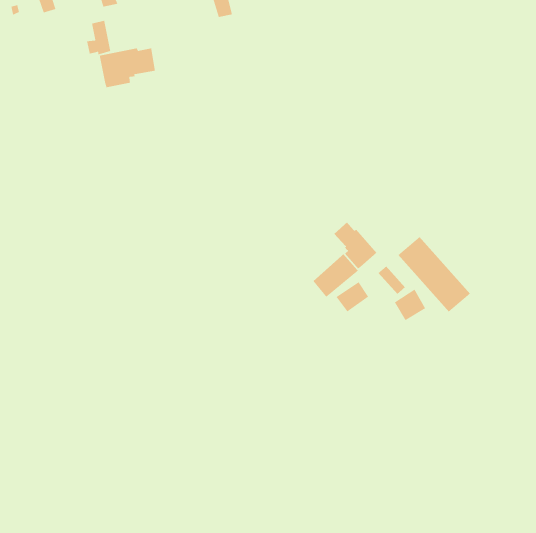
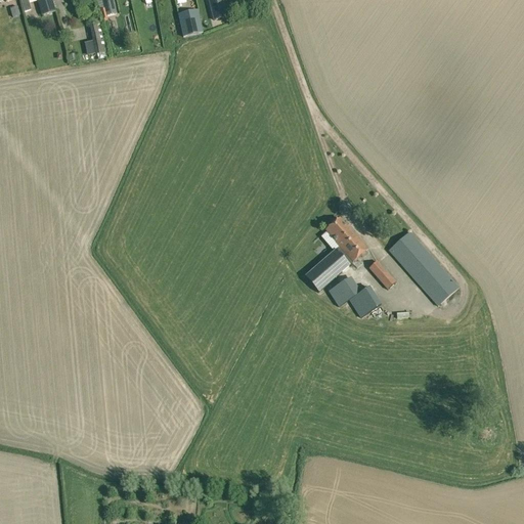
building: none -> [178,8,203,35]
building: [99,48,156,88] -> none
building: [394,289,426,321] -> [350,285,382,316]

